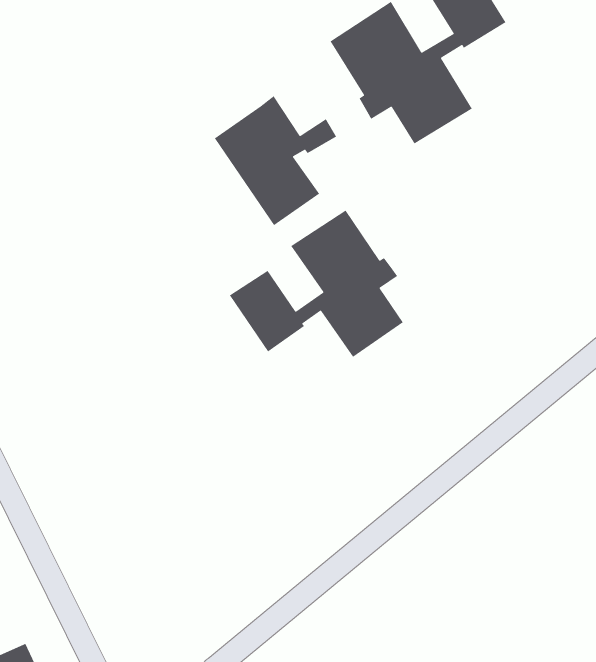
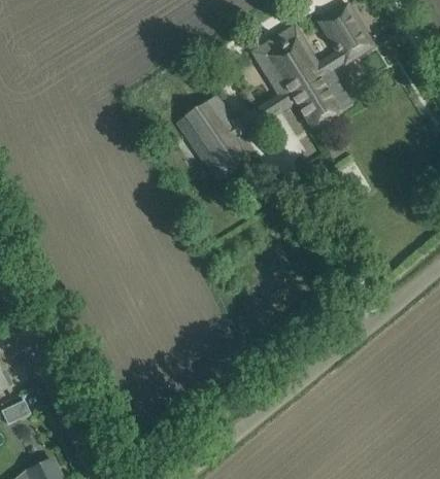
building: [229,210,404,358] -> none

